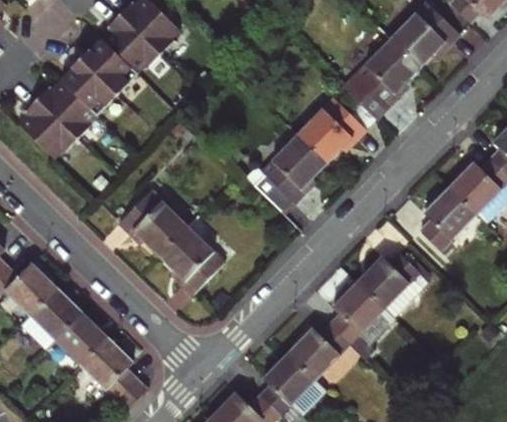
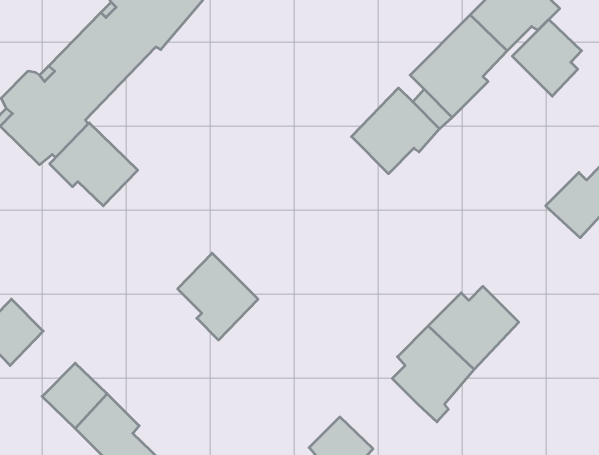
building: none -> [512,20,582,96]
building: [249,134,326,213] -> none
building: [118,188,187,254] -> [50,123,138,206]
building: [421,188,476,250] -> none
building: [29,287,80,338] -> none
building: [288,324,349,379] -> none

